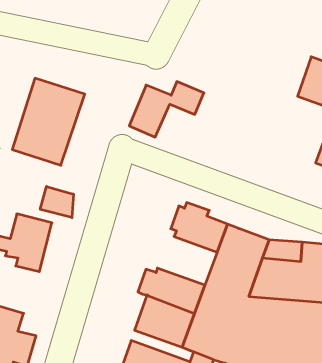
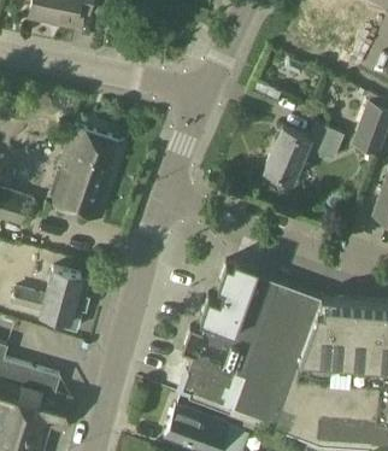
building: [129,82,204,137] -> [265,123,345,182]
building: [40,186,73,218] -> none
building: none -> [201,294,268,346]

